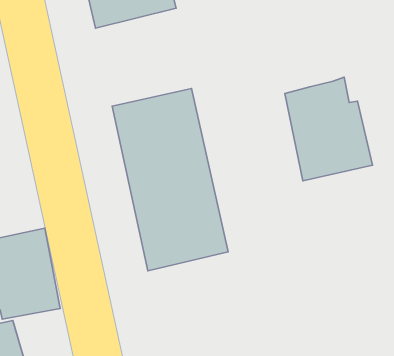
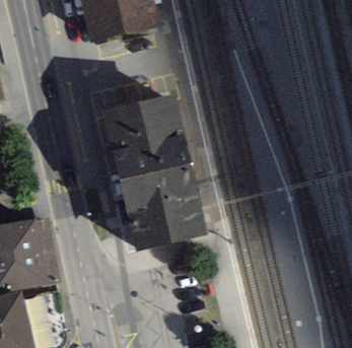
building: [285,77,372,181] -> none

